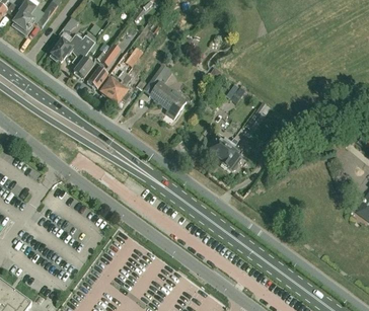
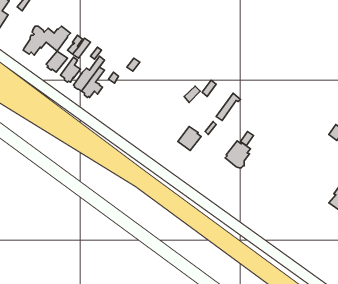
building: [150,82,188,119] -> none
building: [218,144,243,171] -> [225,141,250,168]

